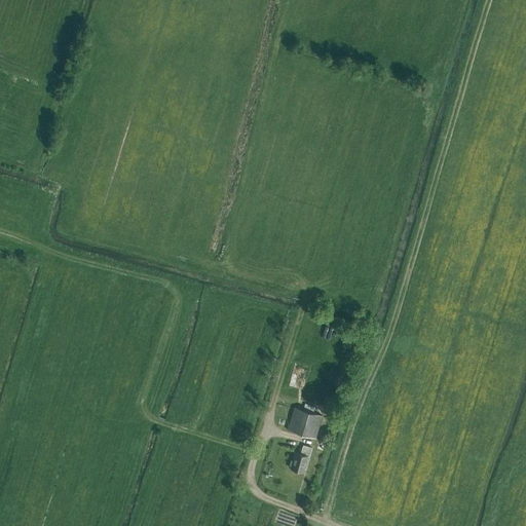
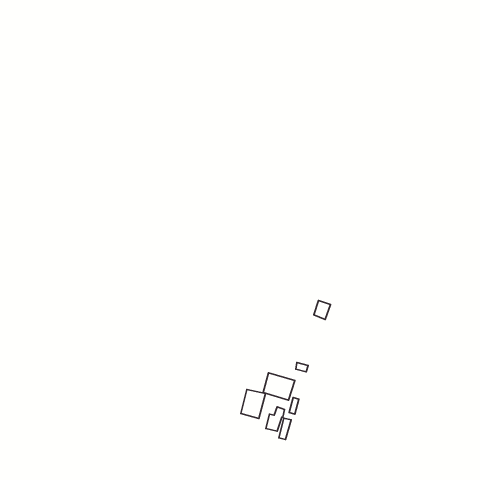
building: none -> [241,389,266,419]

